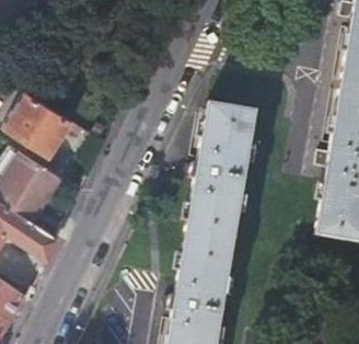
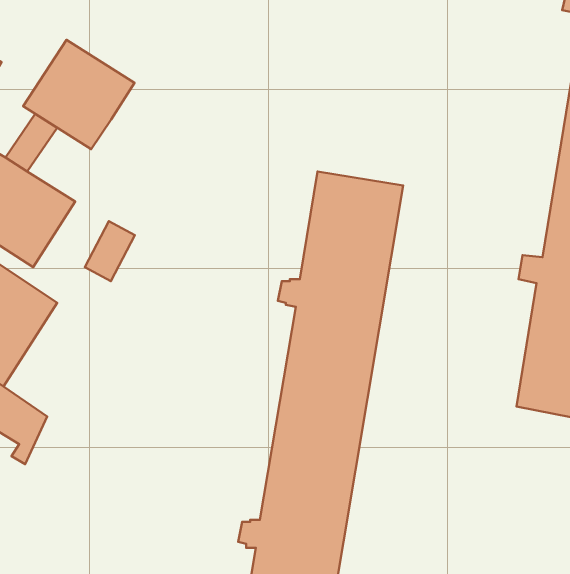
building: none -> [23,40,135,149]

